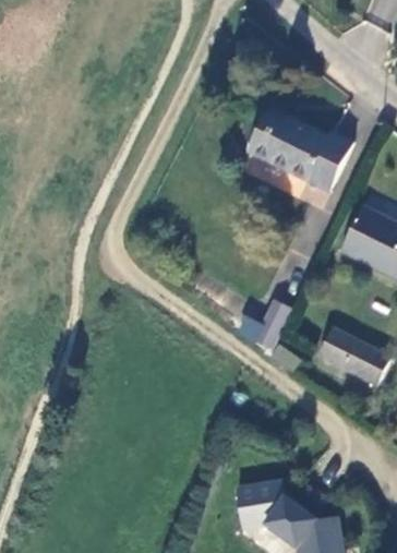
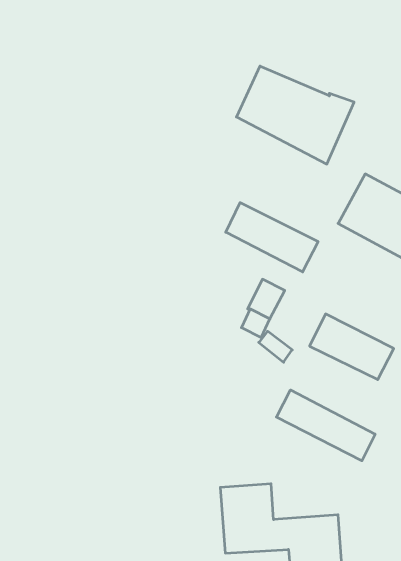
building: none -> [226,203,318,272]
building: none -> [276,390,375,461]

